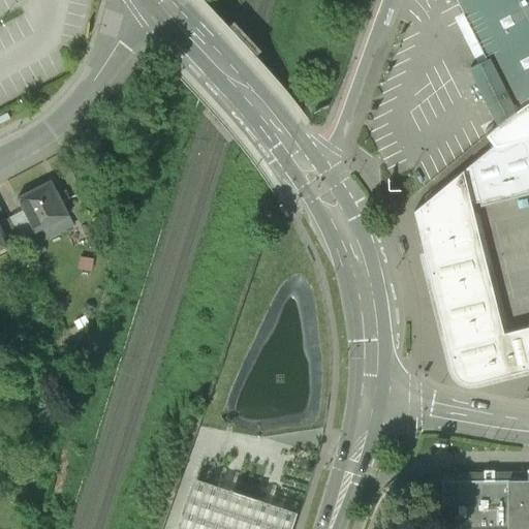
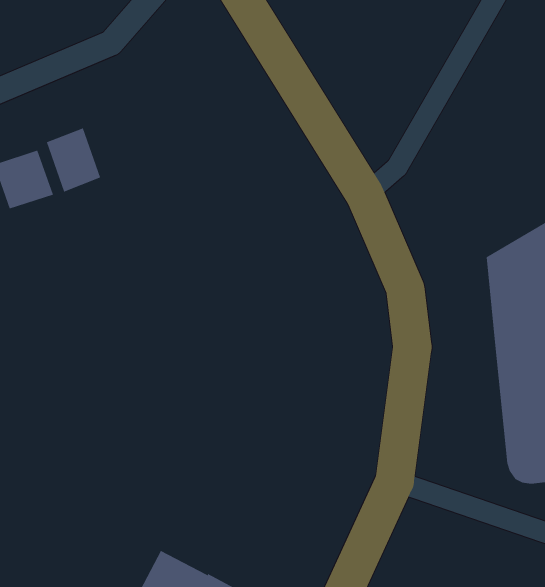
building: none -> [46,127,101,192]

